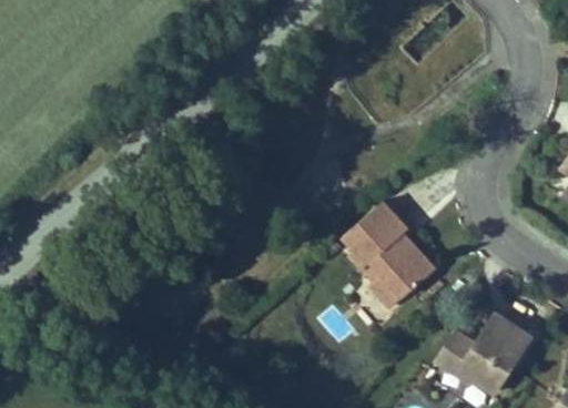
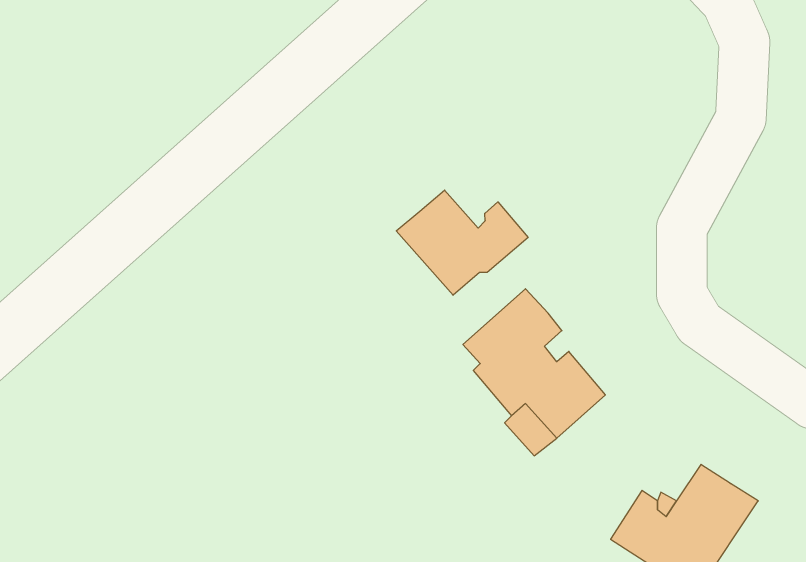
building: none -> [396,190,528,295]

